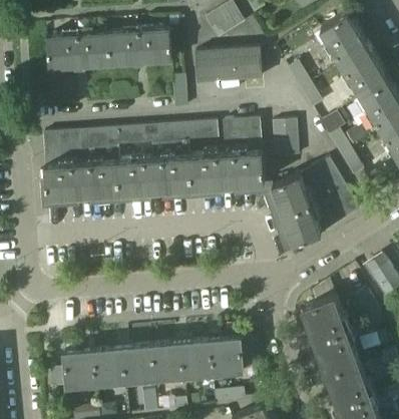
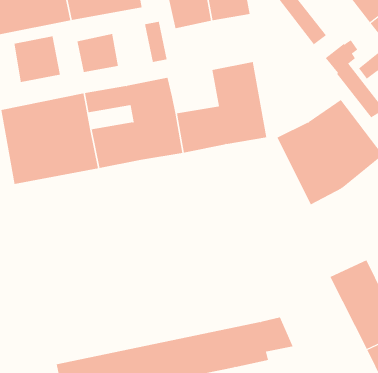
building: none -> [14,36,61,83]
building: none -> [77,33,118,73]
building: [272,119,300,157] -> none
building: [186,121,218,140] -> none

